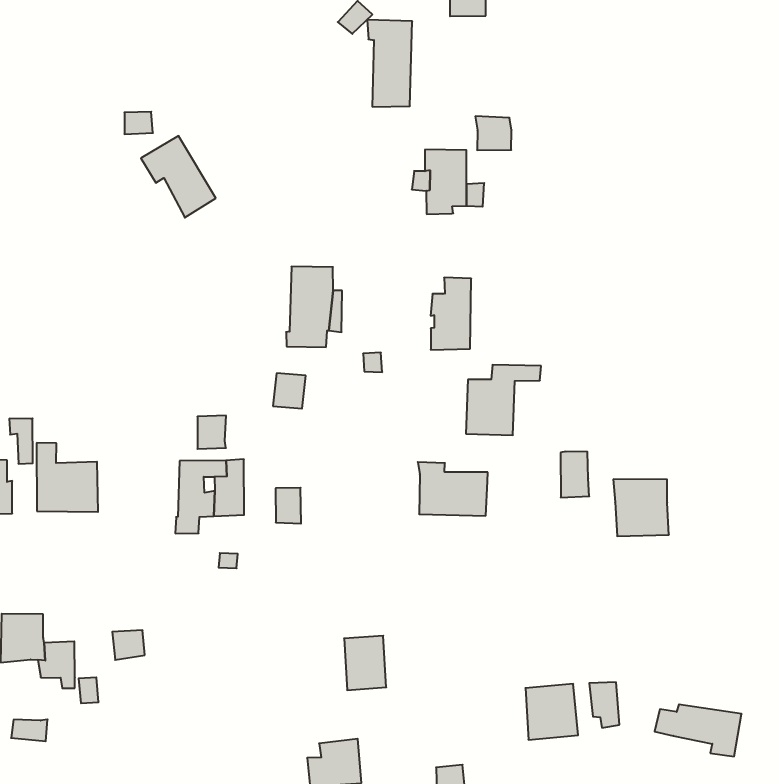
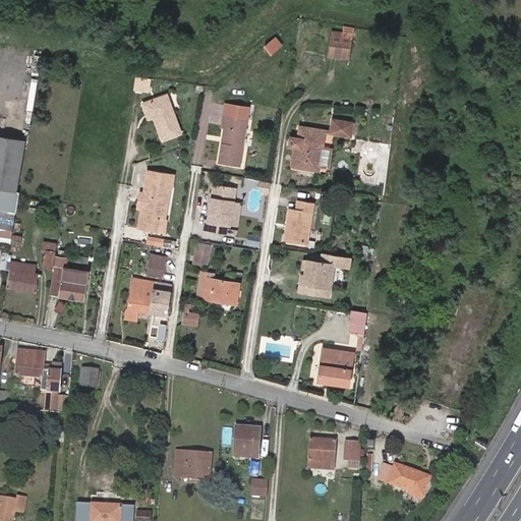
building: [367,20,412,107] -> [220,108,250,161]
building: none -> [134,170,173,234]
building: [418,462,488,516] -> [197,265,240,301]
building: [613,479,669,536] -> [320,349,353,386]
building: [344,636,386,690] -> [234,426,259,458]

